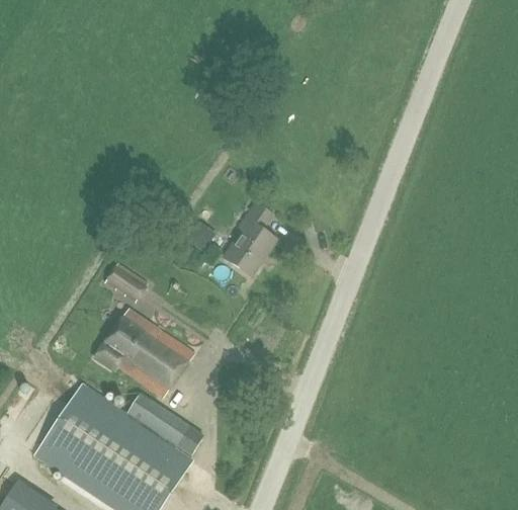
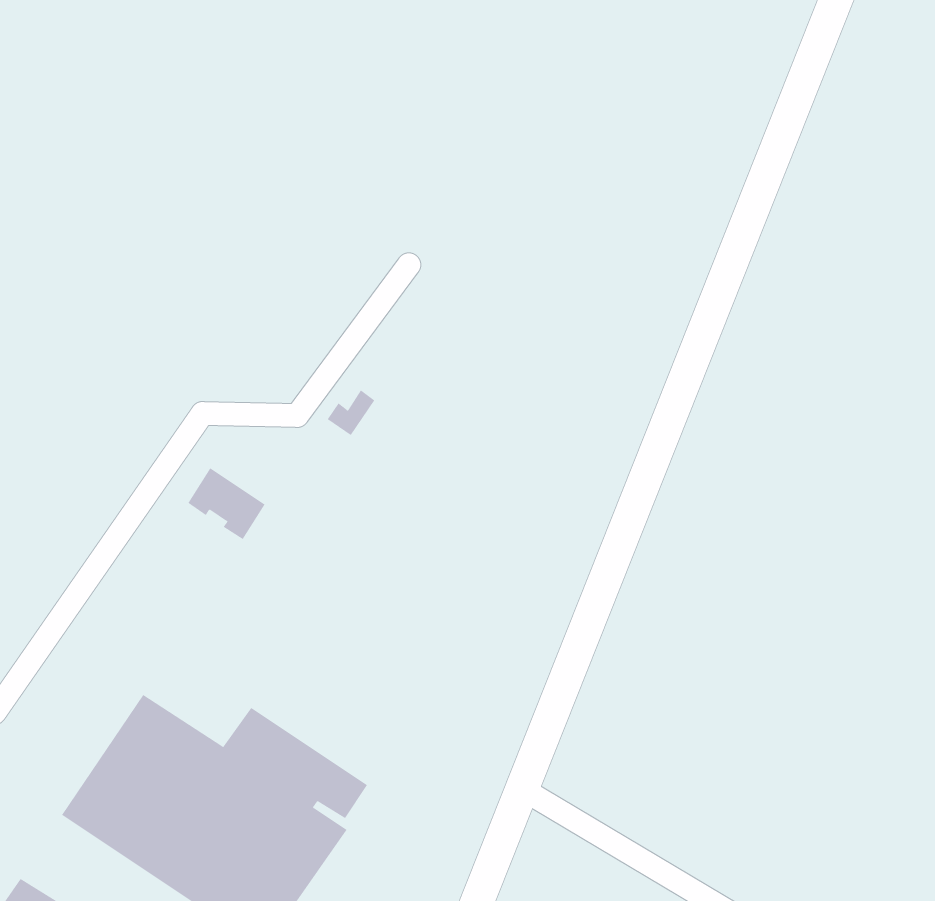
building: [224,202,276,276] -> none
building: [95,307,194,399] -> none

